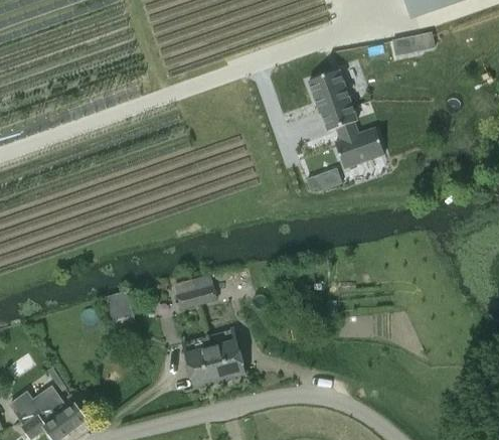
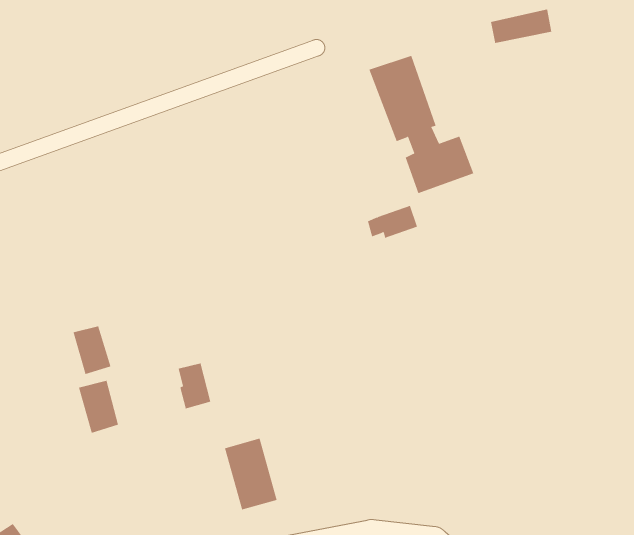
building: none -> [73,325,111,375]
building: [191,275,217,307] -> none
building: [182,339,219,390] -> none

